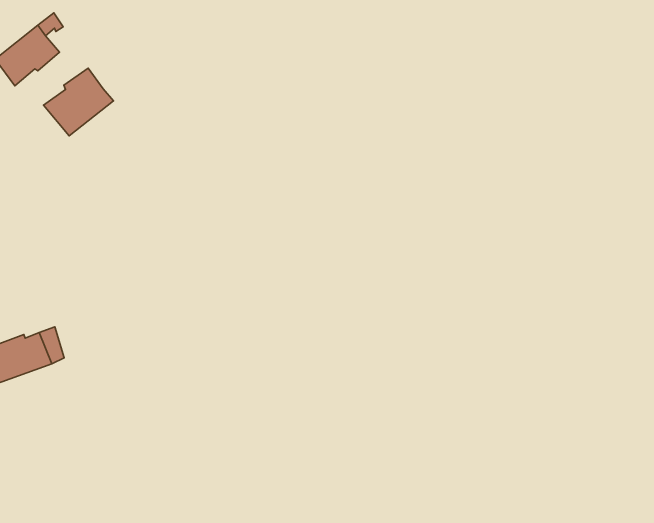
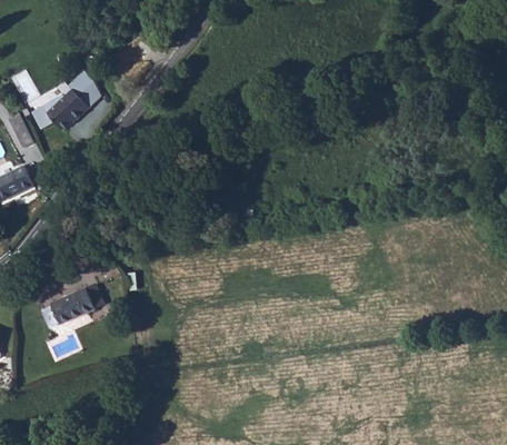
building: [43,68,113,136] -> none

